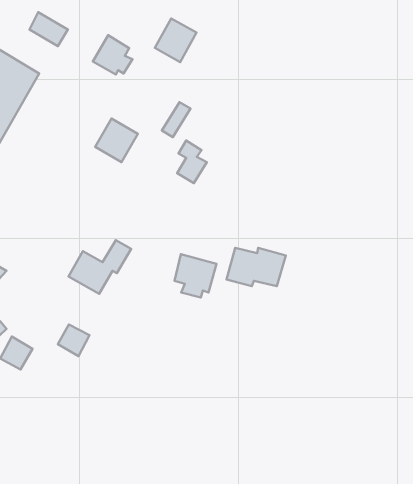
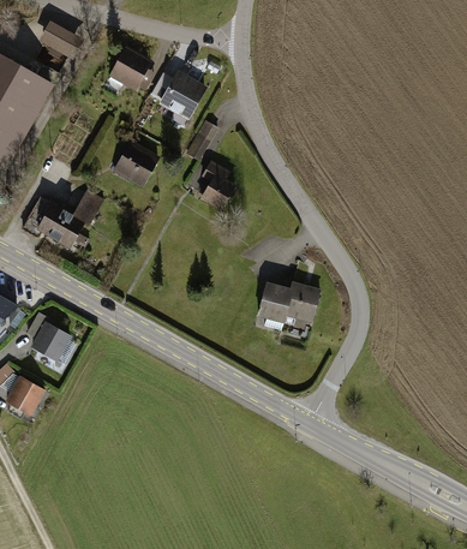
building: [155,18,197,62] -> [160,72,205,120]
building: [69,240,131,294] -> [34,189,102,247]
building: [174,254,217,297] -> none
building: [58,324,90,356] -> [32,324,67,359]

